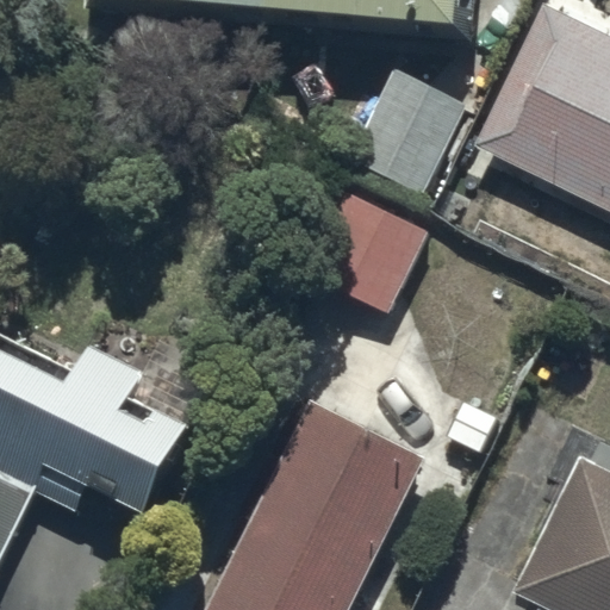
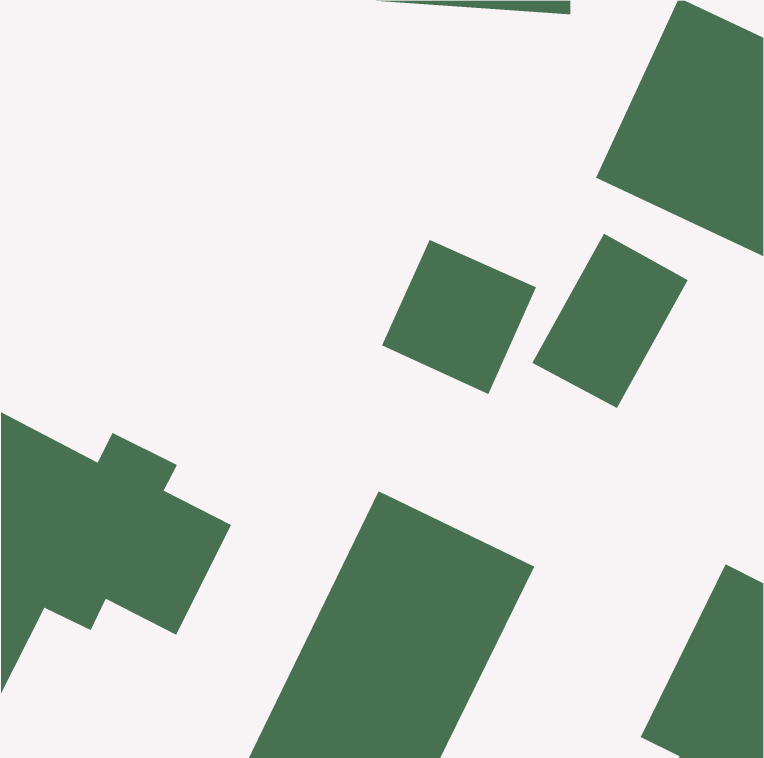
building: [343,69,467,198] -> none
building: none -> [531,233,688,409]

